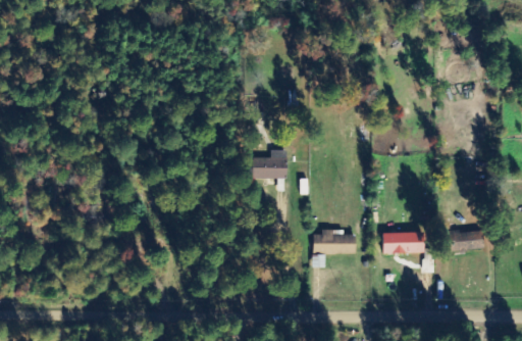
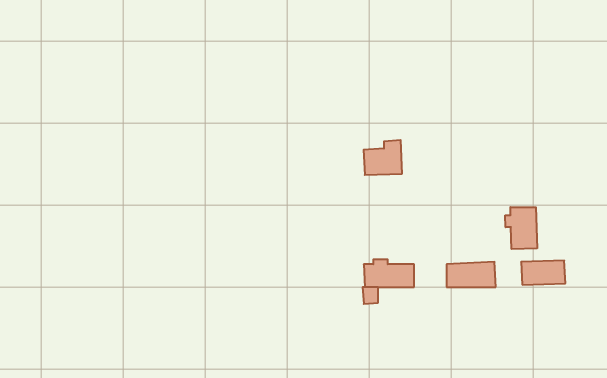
building: [254,149,286,179] -> [364,140,402,175]
building: none -> [505,207,537,249]

